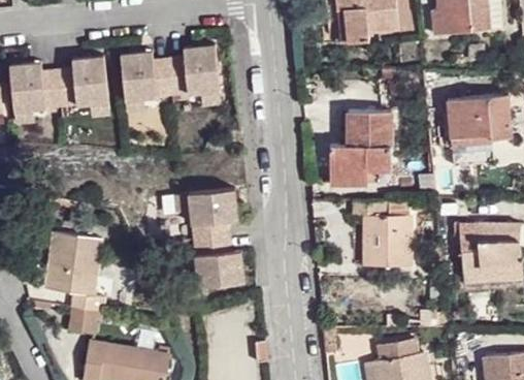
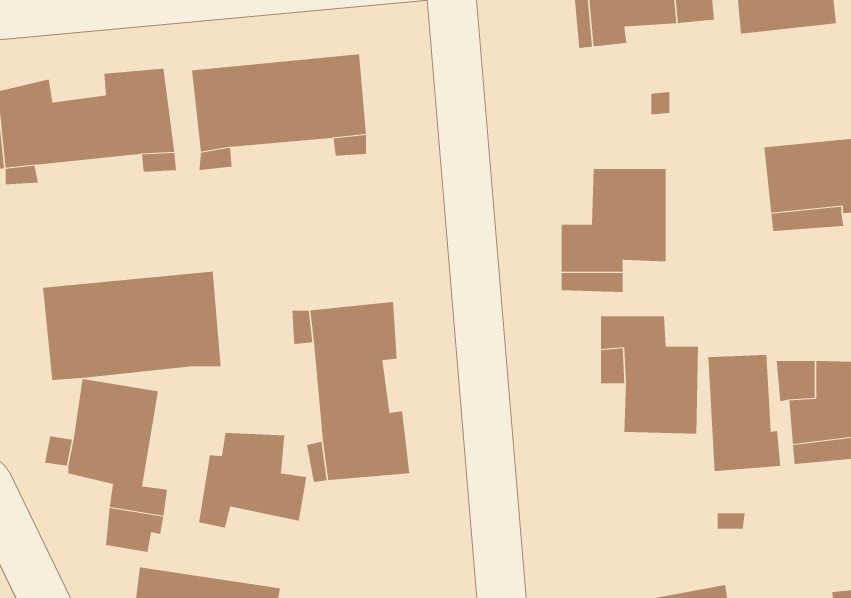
building: none -> [42,271,221,381]
building: none -> [708,354,781,472]
building: none -> [198,432,307,528]

